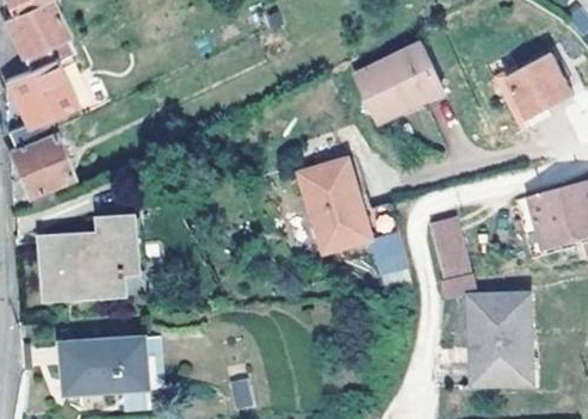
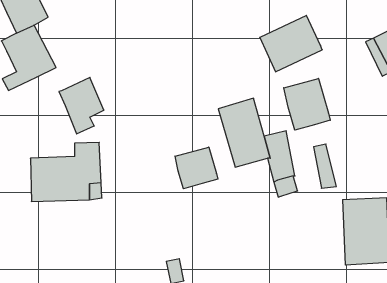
building: [12,128,73,204] -> [59,77,104,134]
building: none -> [284,78,330,130]
building: none -> [175,147,218,189]
building: [60,338,147,393] -> none

